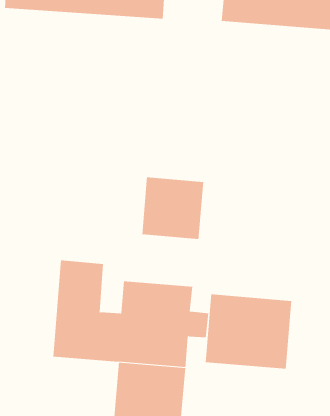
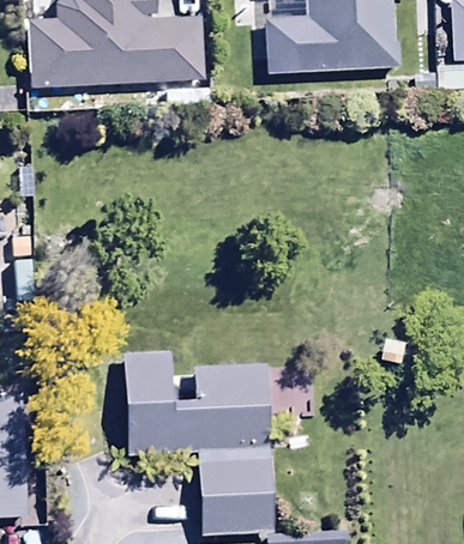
building: [142,177,204,240] -> none
building: [205,294,292,370] -> none

